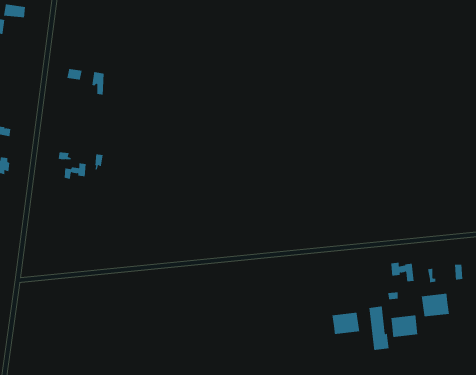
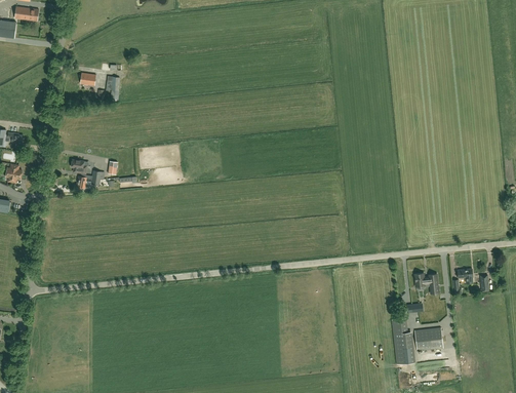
building: [421,293,449,317] -> none
building: [332,312,360,335] -> none

